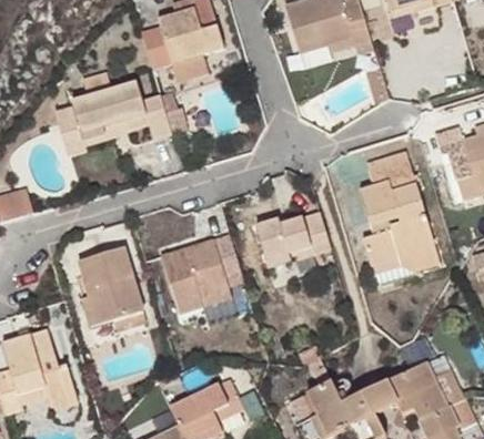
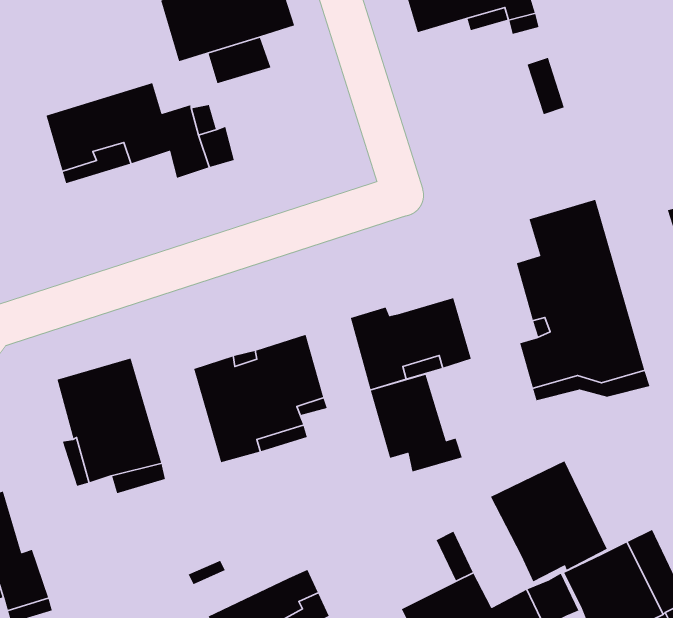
building: none -> [370,374,463,473]
building: none -> [490,460,608,582]

